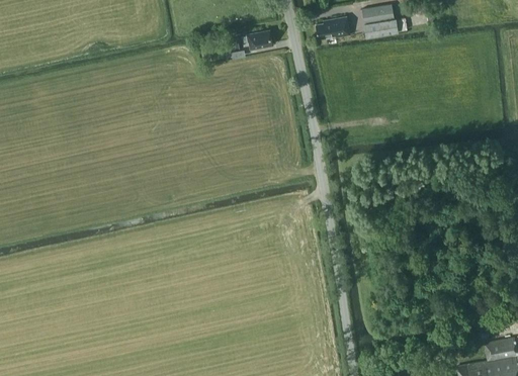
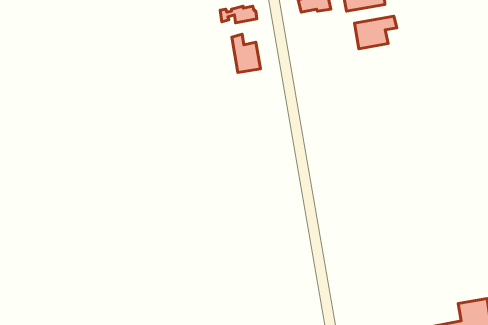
building: none -> [354,16,397,49]
building: none -> [232,34,261,73]

